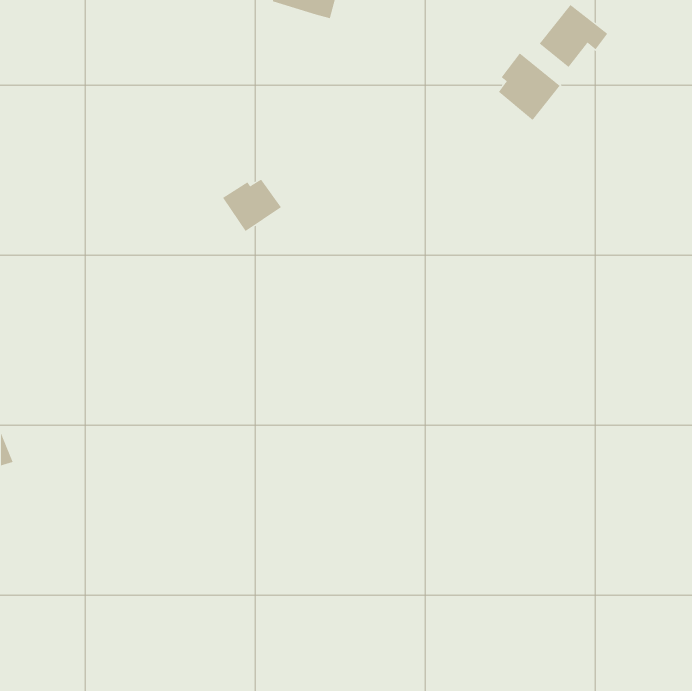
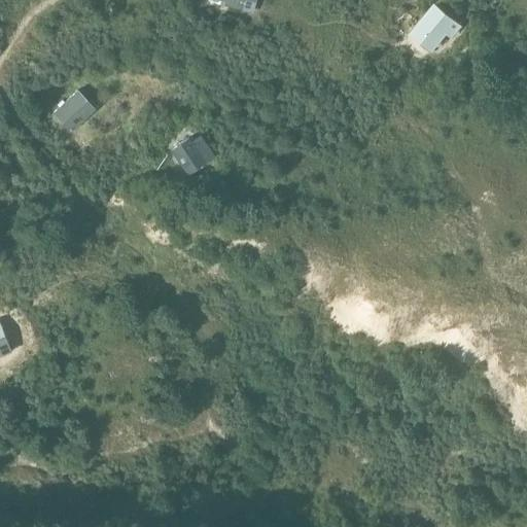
building: [498,52,561,121] -> none
building: none -> [50,90,95,133]

